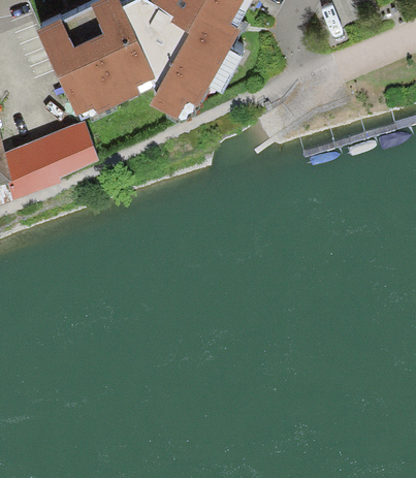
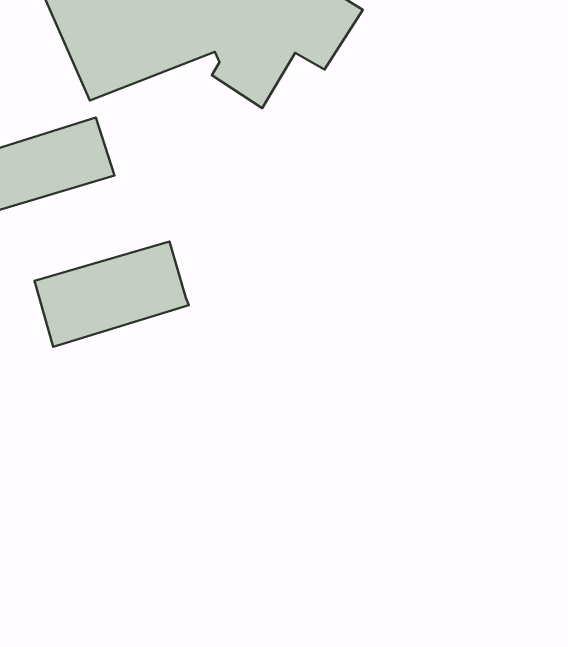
building: none -> [34,242,189,347]

